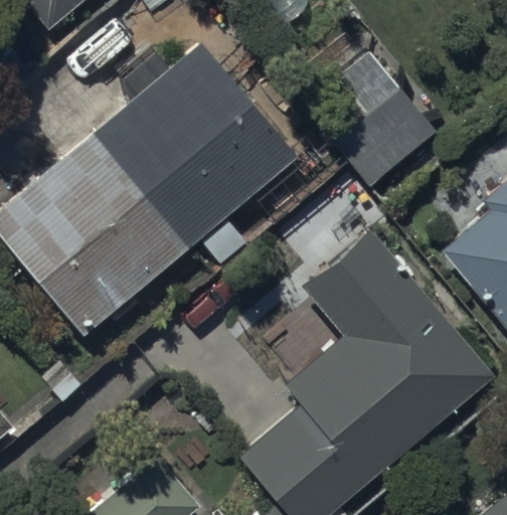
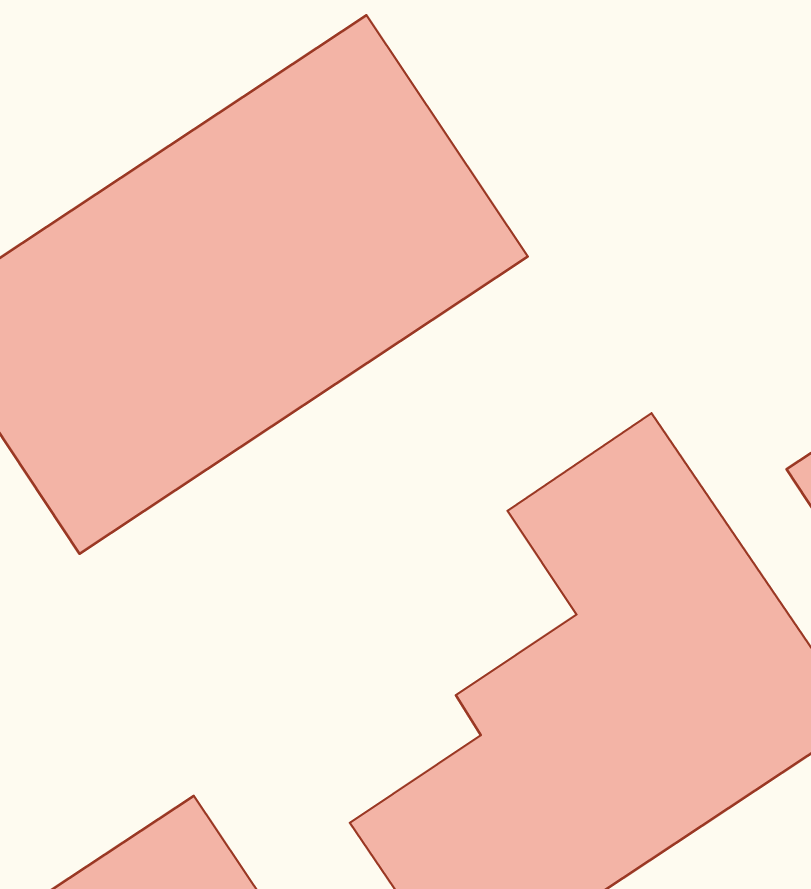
building: [306,53,438,187] -> none

